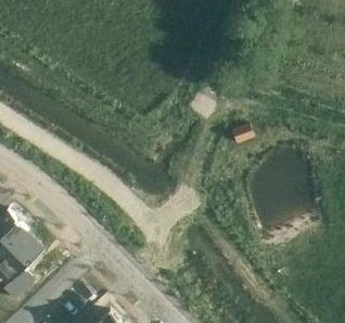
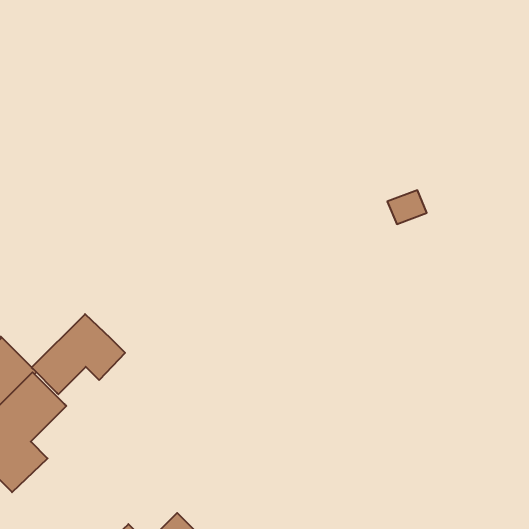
building: none -> [32,314,125,394]

